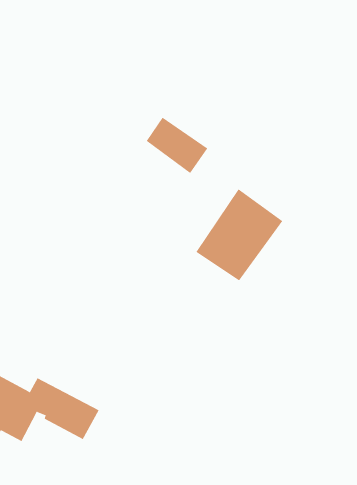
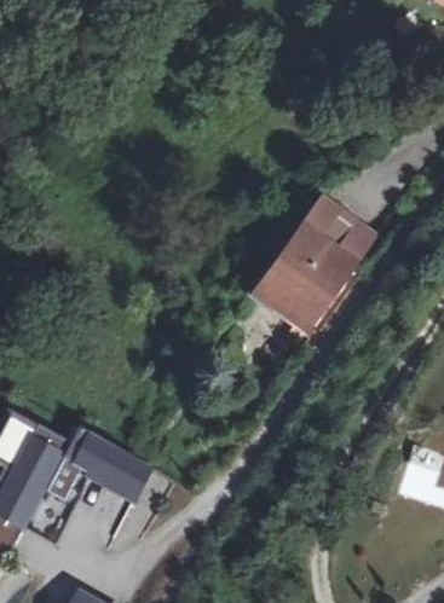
building: [146,117,208,174] -> [304,193,373,256]

